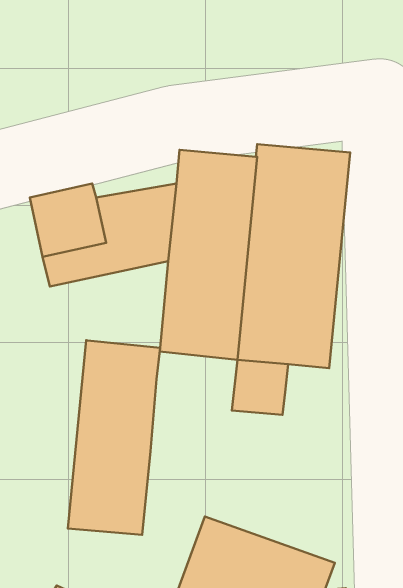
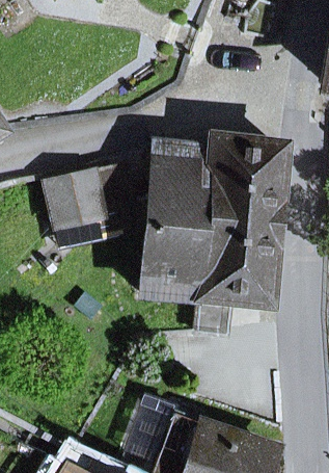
building: [68,340,160,535] -> none

